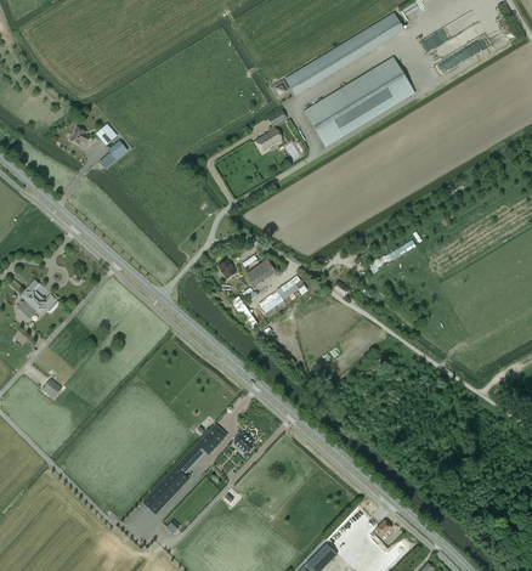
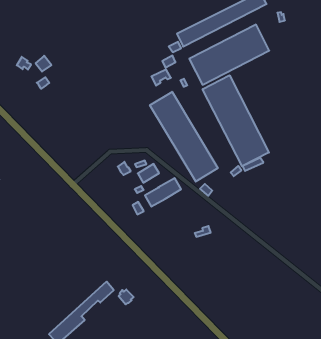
building: none -> [203,75,269,166]
building: none -> [150,92,218,182]

